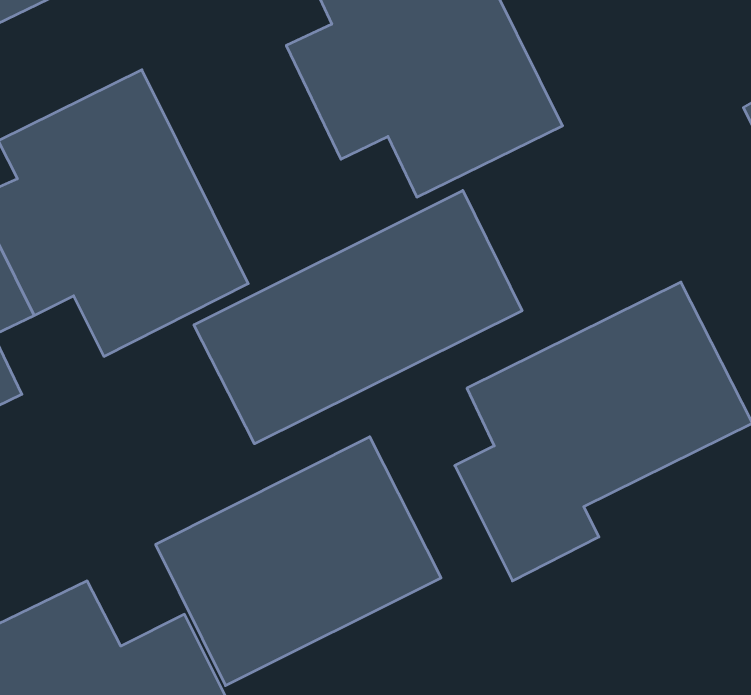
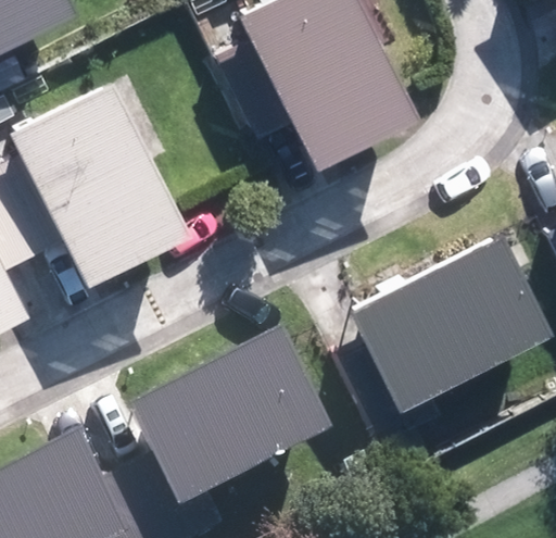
building: [194,190,522,444] -> none

